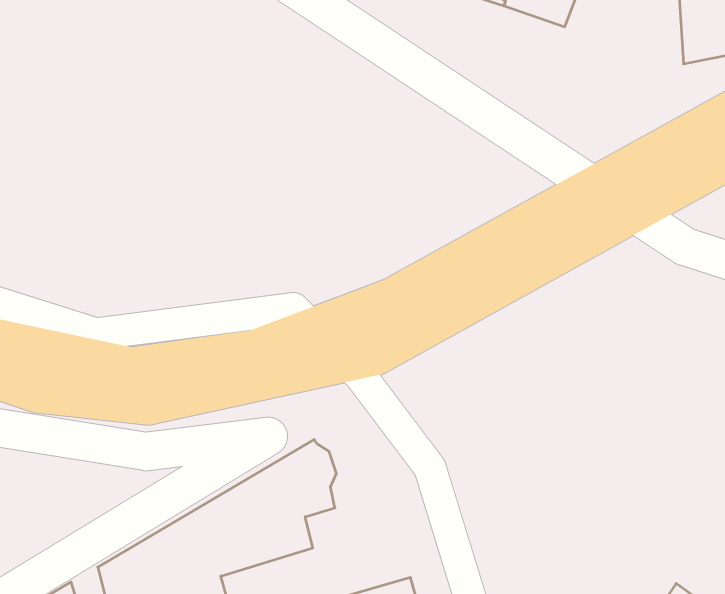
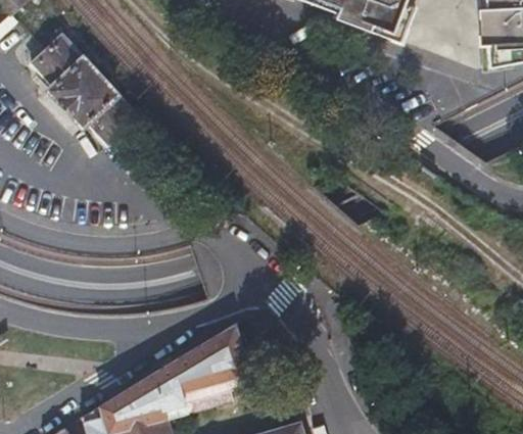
building: none -> [35,39,138,145]

